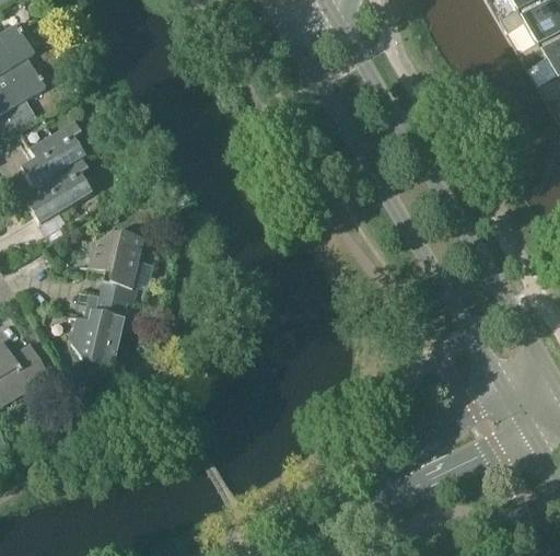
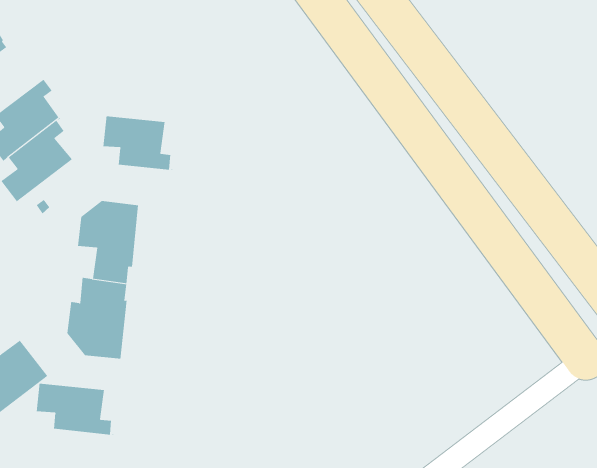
building: none -> [103,116,173,171]
building: none -> [36,383,114,436]

